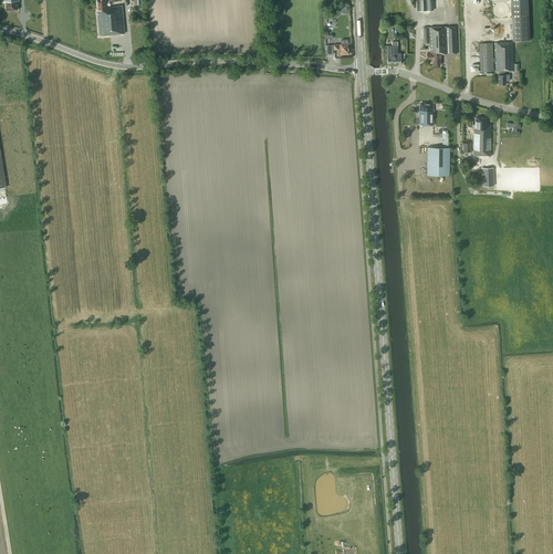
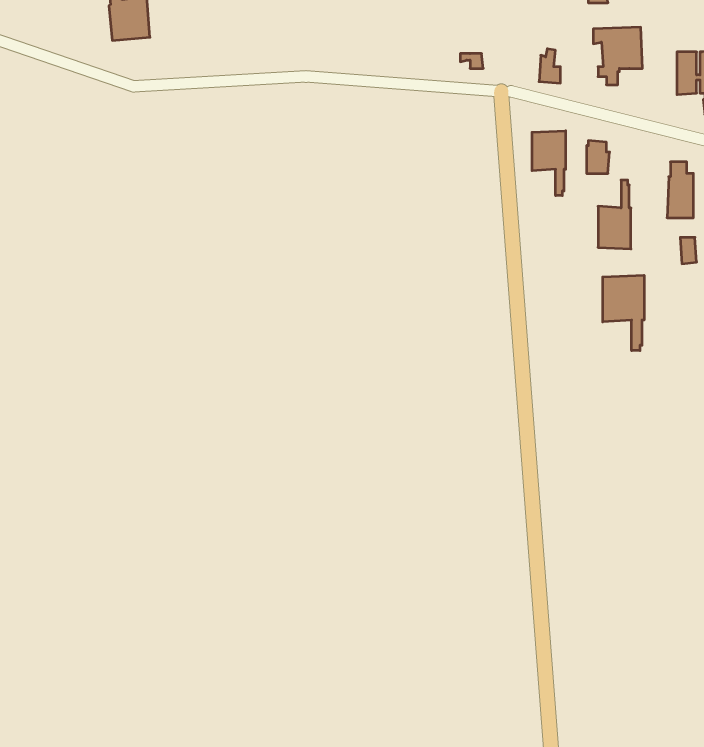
building: none -> [532,131,566,196]
building: none -> [603,275,644,351]

